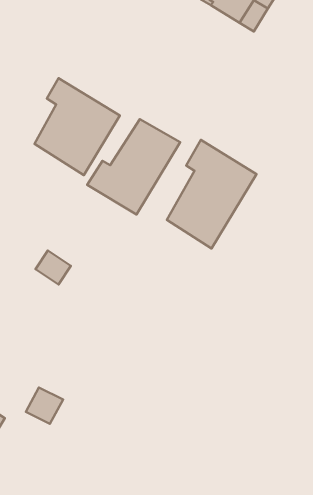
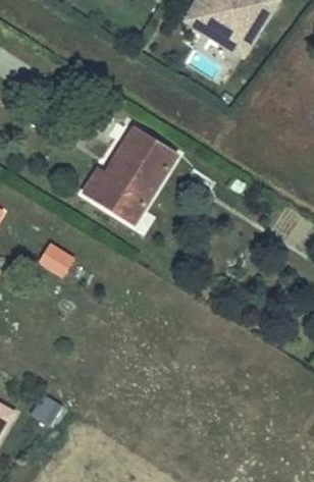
building: [35,78,120,175] -> none
building: [167,140,257,249] -> none

